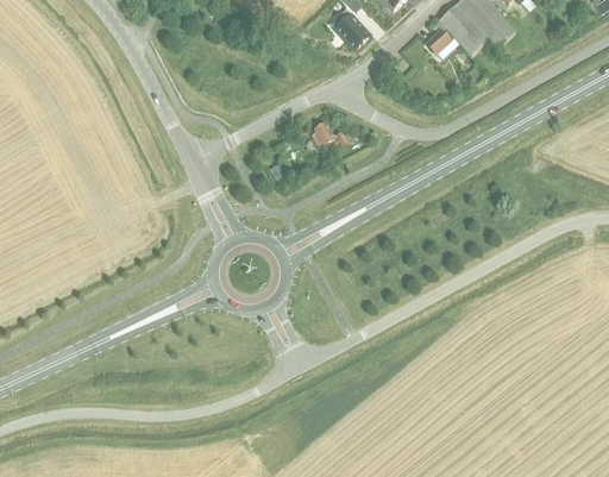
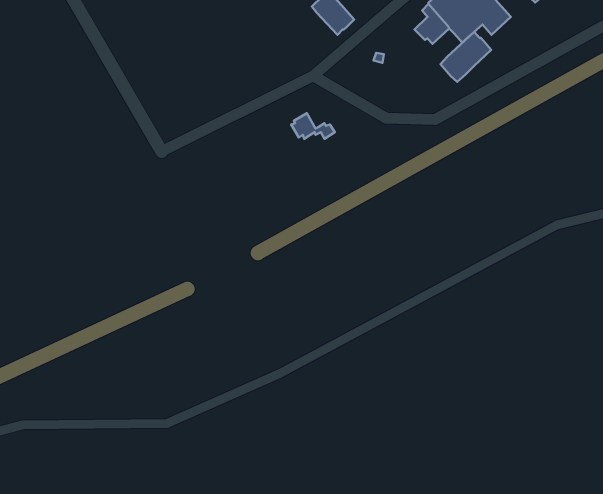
building: none -> [440,32,491,82]

